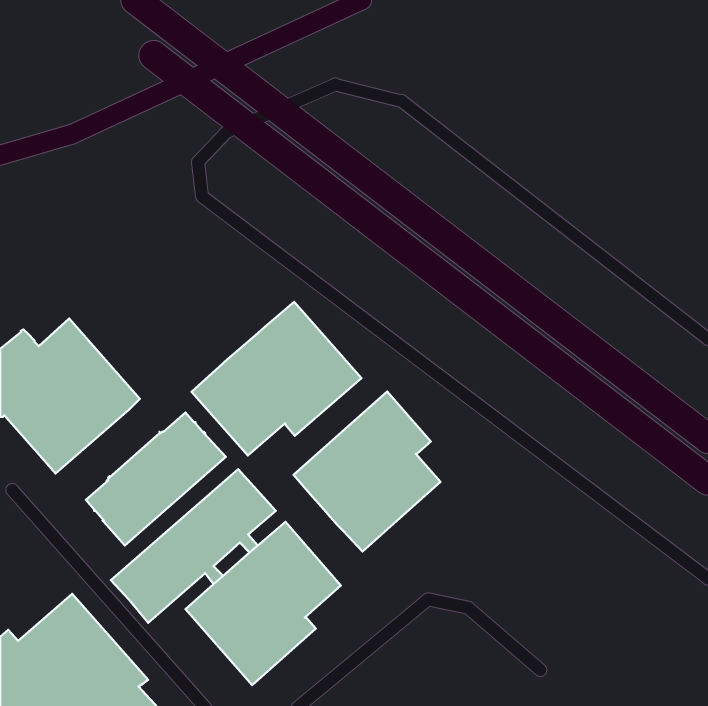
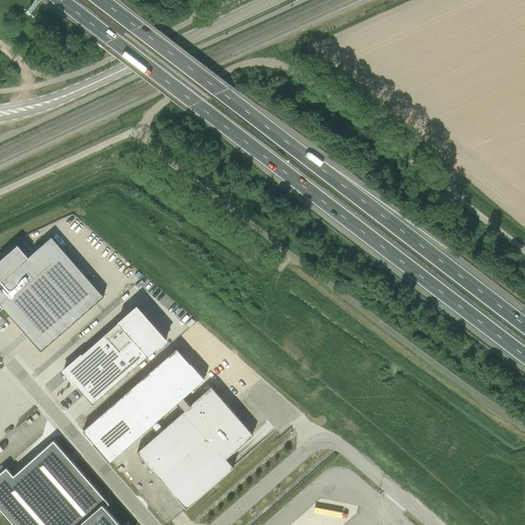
building: [191,302,361,456] -> none
building: [294,391,441,551] -> none

